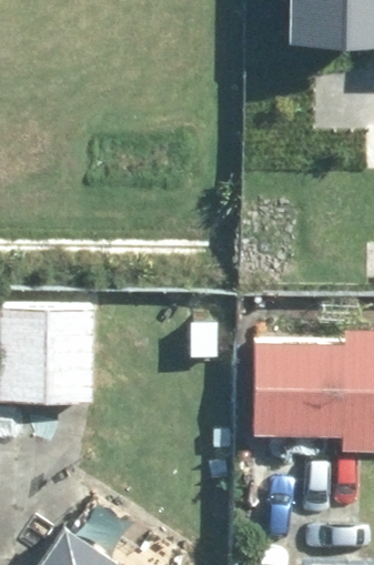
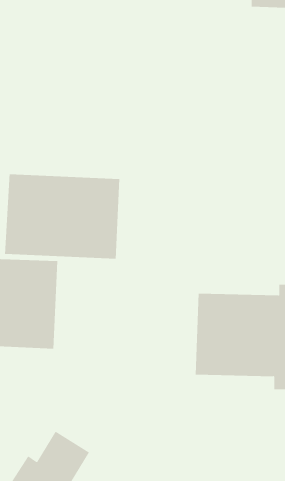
building: none -> [4,174,120,259]

